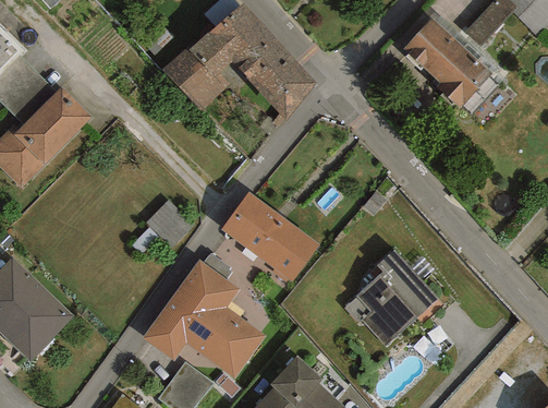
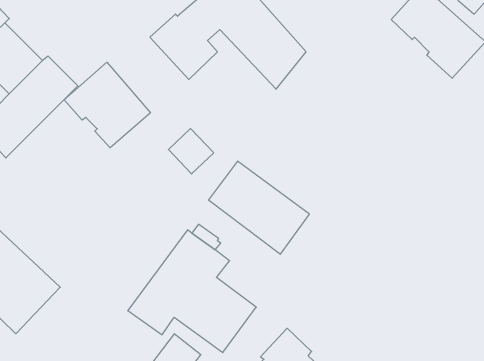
building: none -> [64,62,150,148]
building: [148,199,193,243] -> [168,129,214,174]
building: [355,251,436,345] -> none

